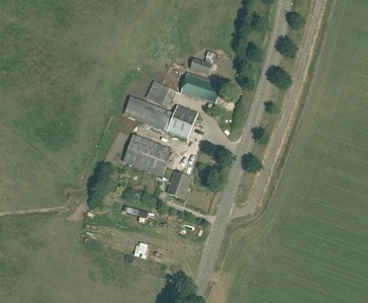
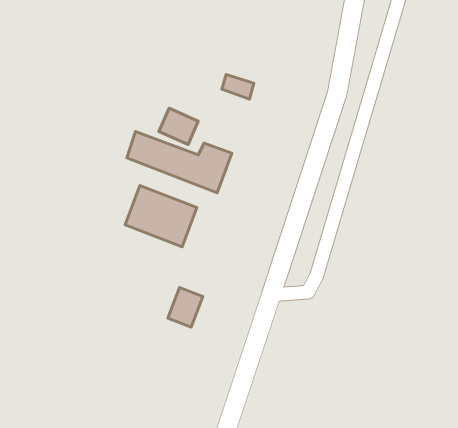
building: [180,72,220,104] -> none
building: [166,171,190,199] -> [168,288,203,327]

